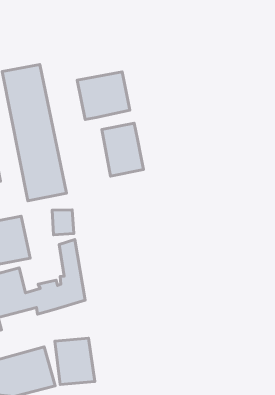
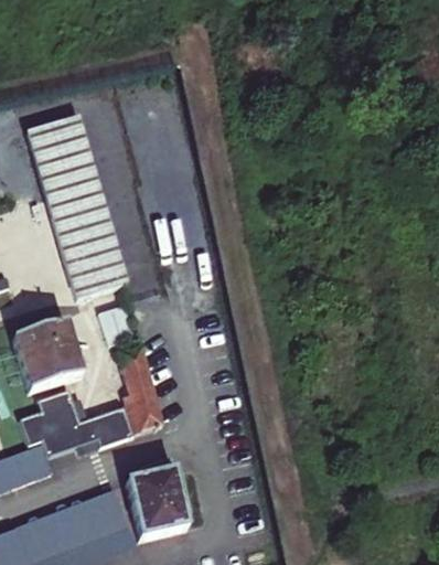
building: [77,72,130,119] -> none
building: [102,123,143,176] -> none

